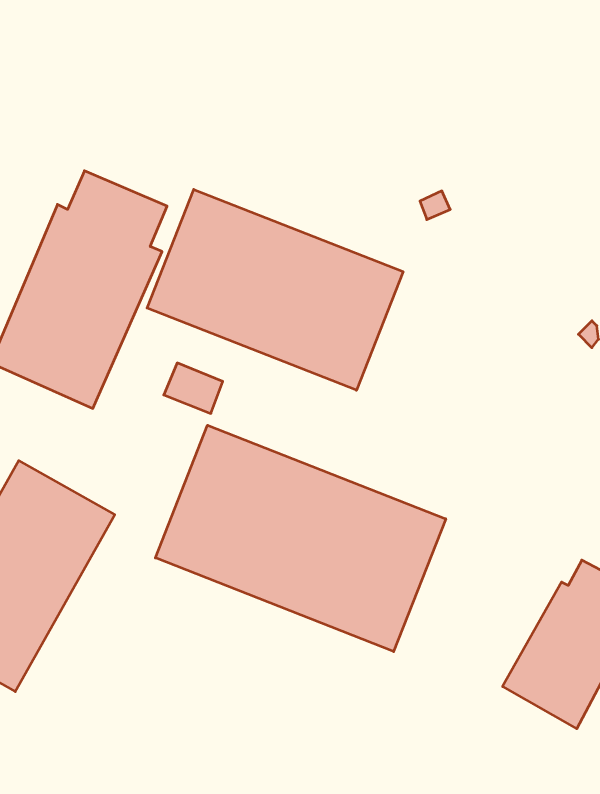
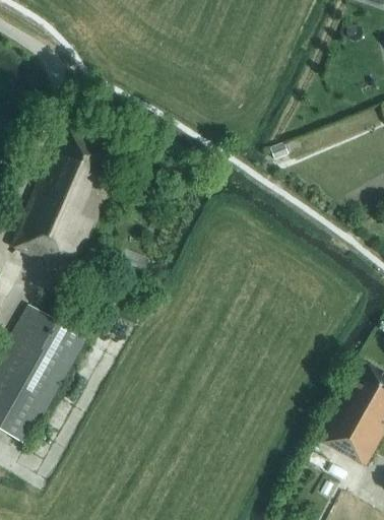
building: [147,189,403,390] -> none
building: [155,425,446,652] -> none

